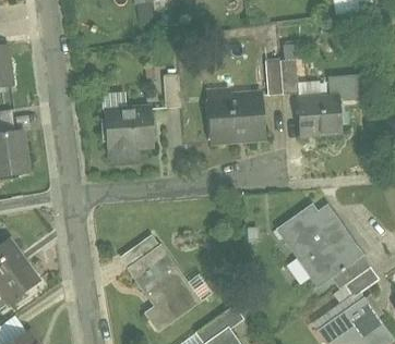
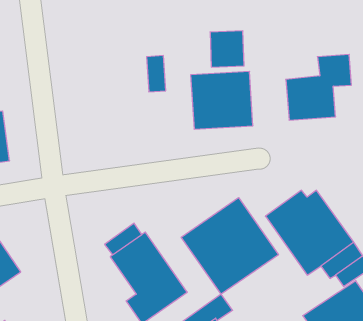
building: [264,60,297,95] -> [210,31,244,67]
building: [104,103,152,161] -> none
building: none -> [181,198,278,294]

